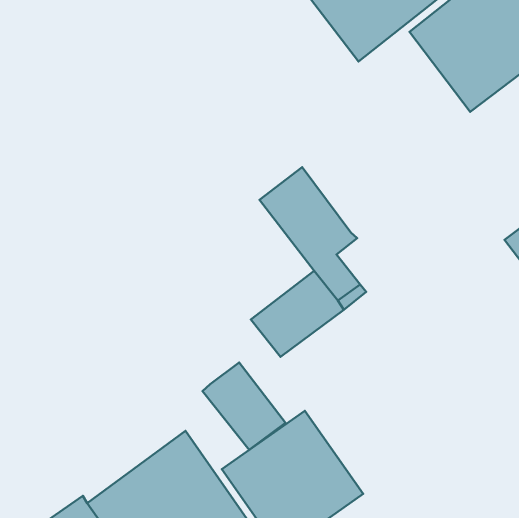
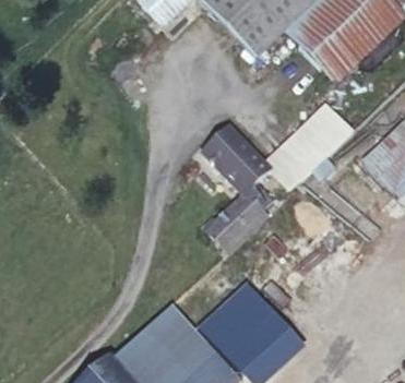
building: none -> [264,104,353,191]
building: [203,363,285,450] -> none

